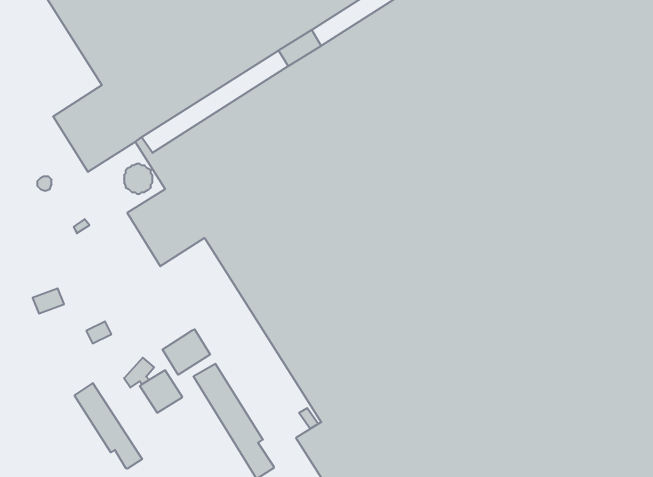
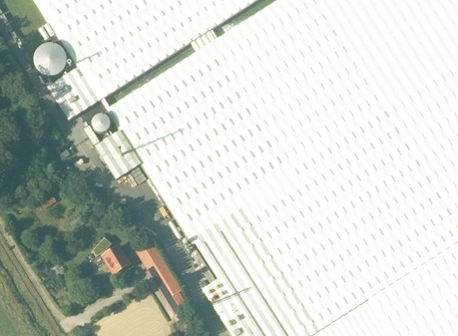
building: none -> [33,42,65,73]
building: [163,329,210,375] -> none
building: [75,383,142,469] -> none

